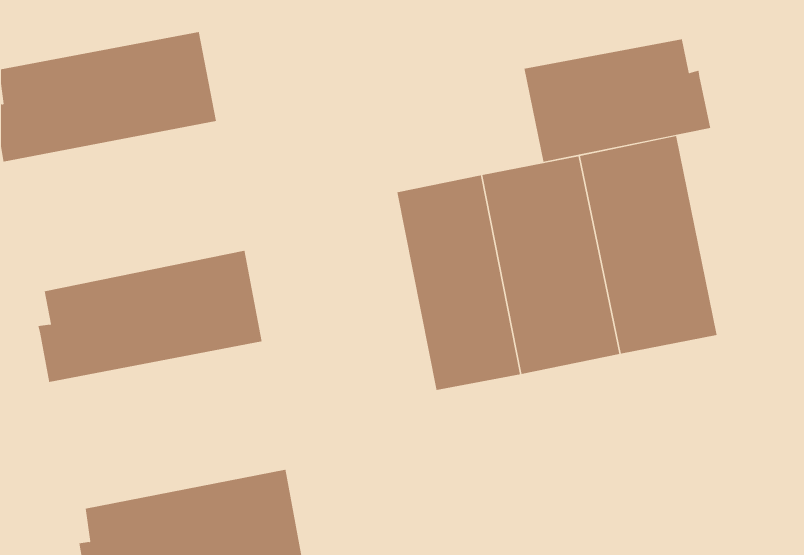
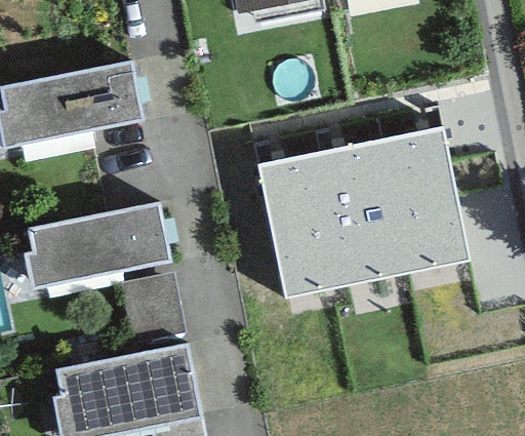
building: [524,38,711,163] -> none

